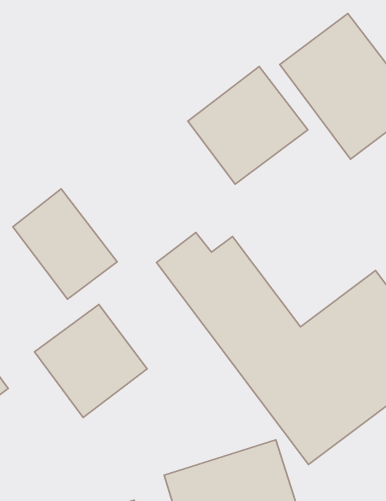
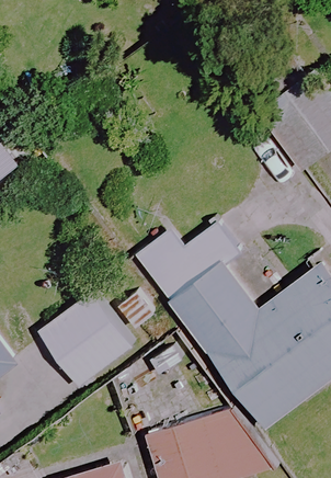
building: [188,67,308,184] -> none
building: [13,189,117,299] -> none

